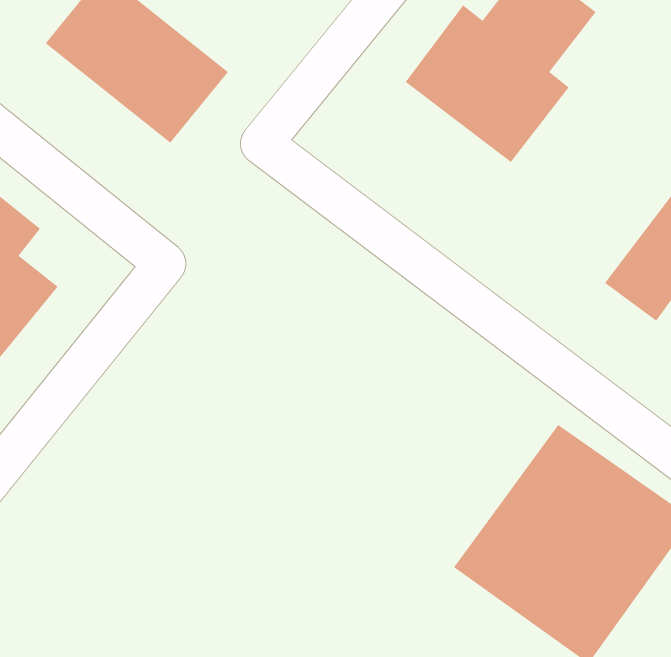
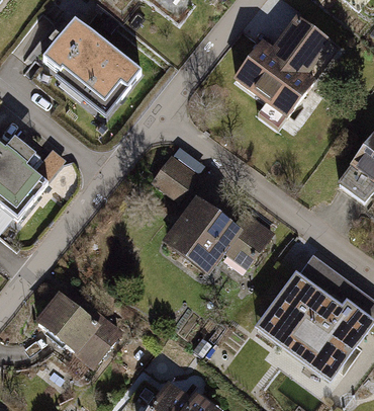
building: none -> [154,143,206,198]
building: none -> [159,196,269,278]
building: none -> [29,283,120,371]

